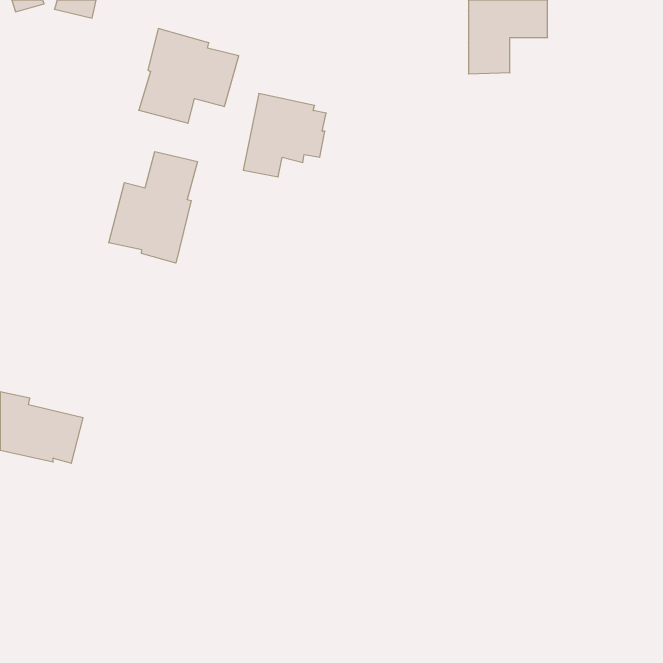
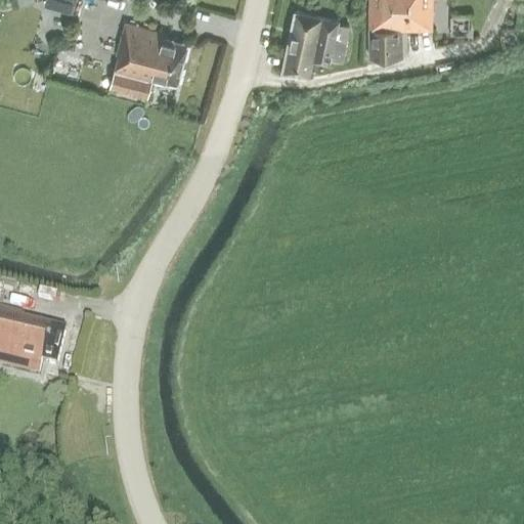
building: [243,94,326,177] -> [282,11,348,77]
building: [109,152,197,263] -> none

